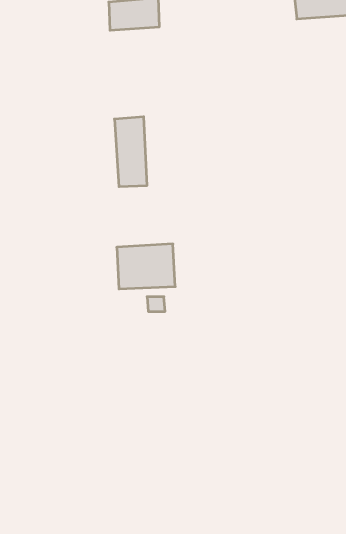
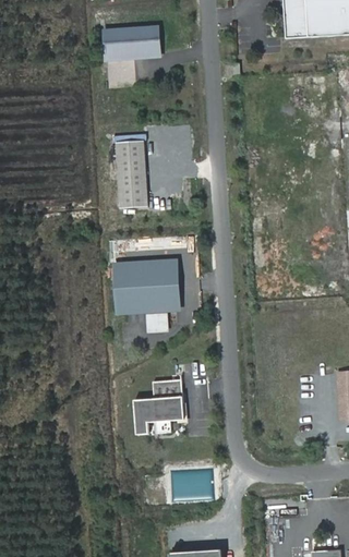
building: none -> [128,376,178,432]

